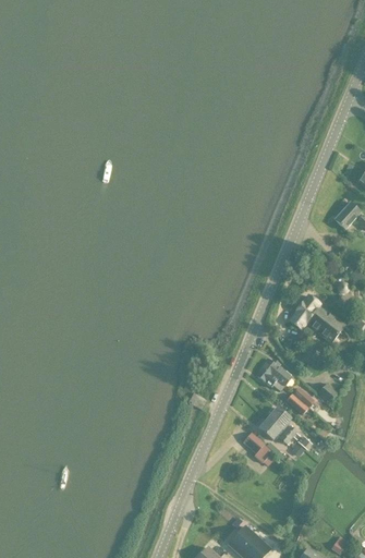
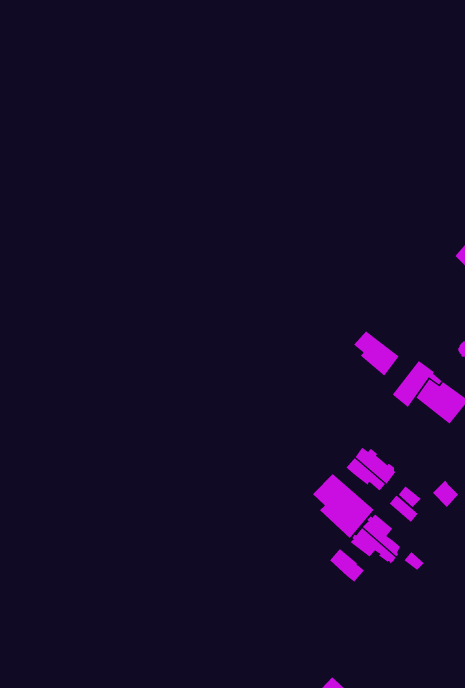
building: none -> [353,330,399,376]
building: none -> [312,473,374,539]

